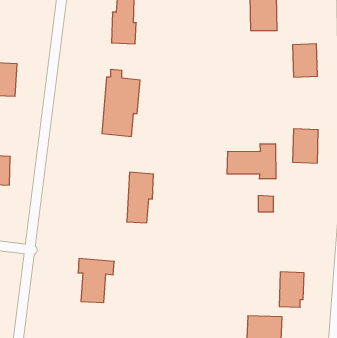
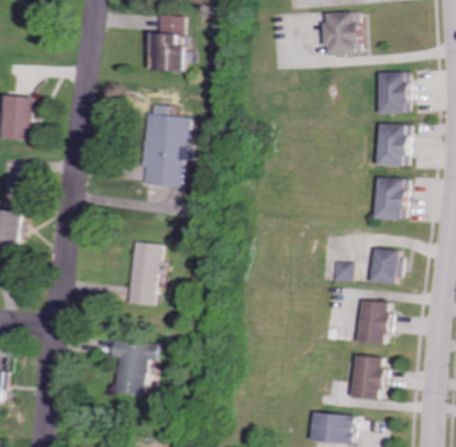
building: none -> [375,125,407,166]
building: [227,144,276,179] -> none
building: [127,172,153,223] -> [125,243,158,306]
building: none -> [374,250,401,285]
building: none -> [362,302,393,345]

